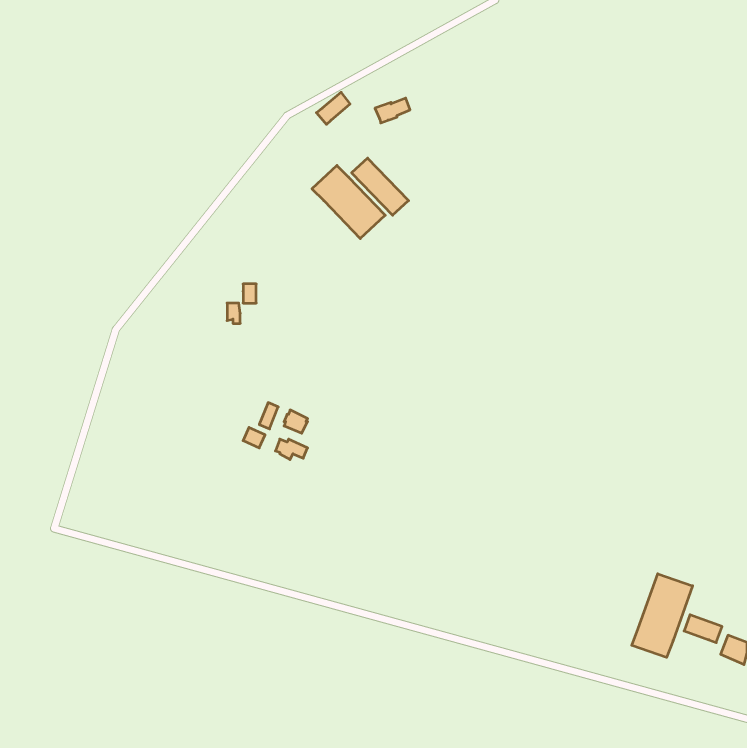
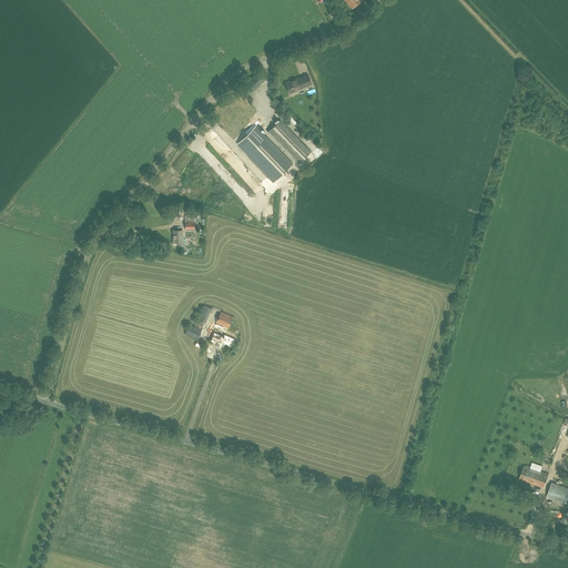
building: [632,574,693,657] -> none

